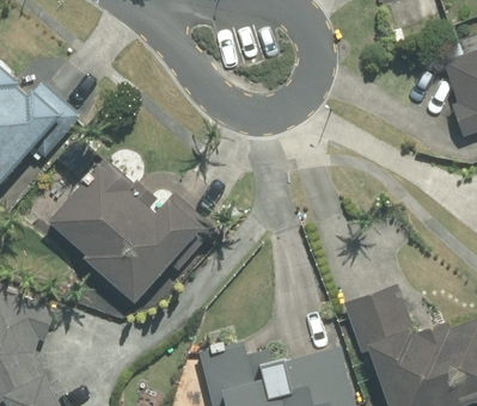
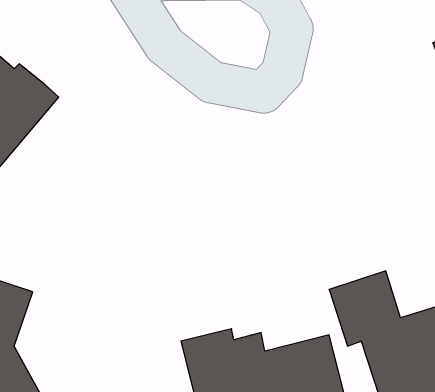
building: [49,154,207,301] -> none

